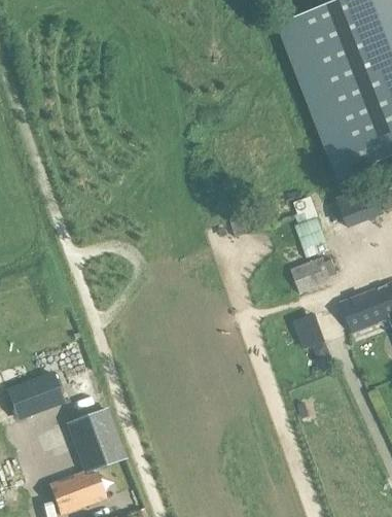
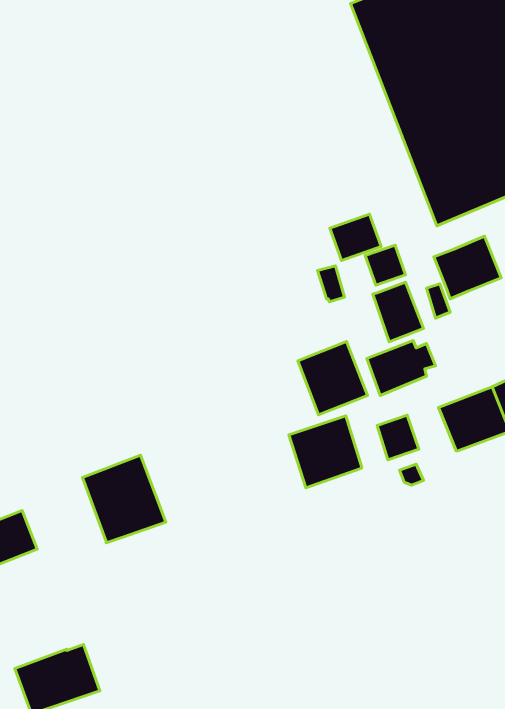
building: none -> [330,214,381,260]
building: none -> [298,342,367,415]
building: none -> [289,416,362,488]
building: [67,410,124,471] -> [82,455,166,543]

